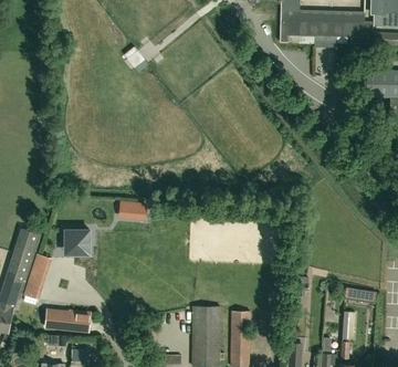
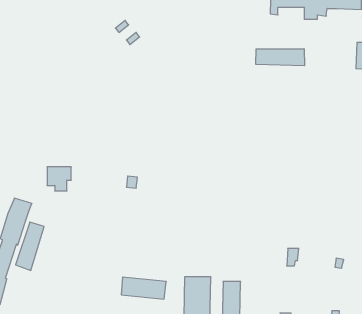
building: none -> [256,49,305,66]
building: [65,229,90,253] -> [47,167,71,191]
building: [45,308,91,331] -> [121,277,166,299]

